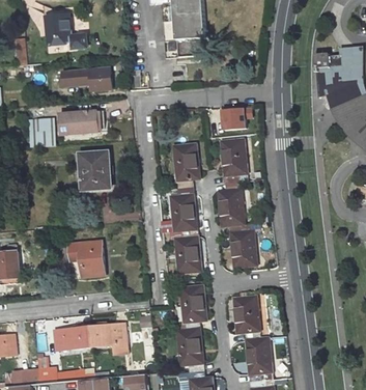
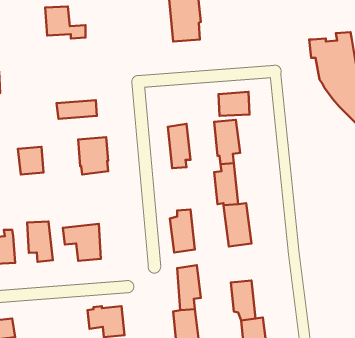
building: [65,75,116,95] -> none
building: [30,118,56,146] -> [18,147,44,175]
building: [169,183,194,227] -> none
building: none -> [27,222,53,262]
building: [57,325,92,350] -> none

